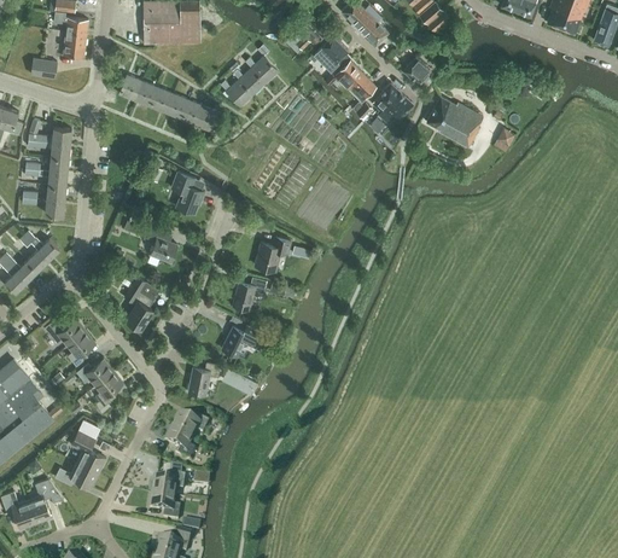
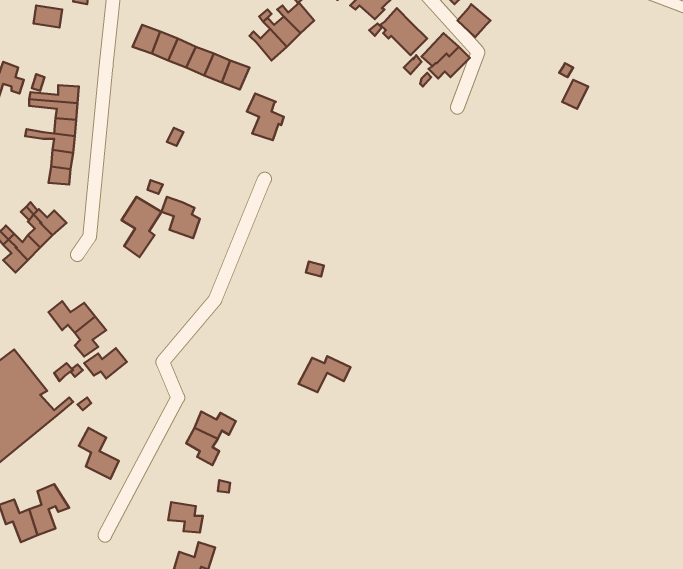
building: [426,97,483,147] -> none
building: [171,172,204,213] -> [247,93,284,140]
building: [255,237,291,271] -> none
building: [124,277,159,330] -> [121,197,161,257]
building: [232,278,267,310] -> none
building: [221,325,267,356] -> [298,356,351,392]
building: [188,362,221,395] -> none
building: [95,371,123,407] -> none
building: [54,463,99,488] -> none
building: [152,466,183,498] -> none

